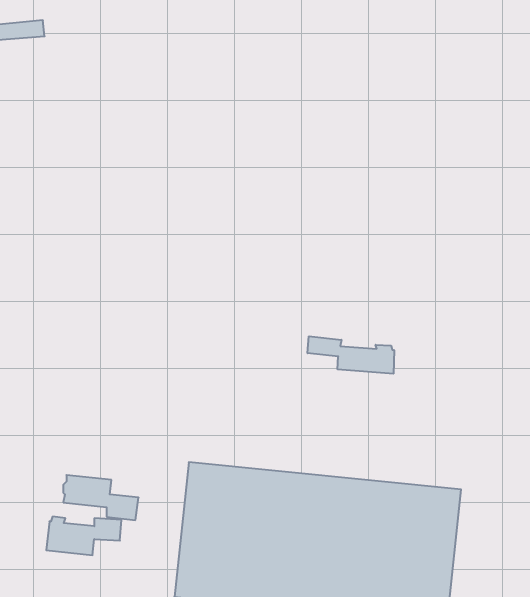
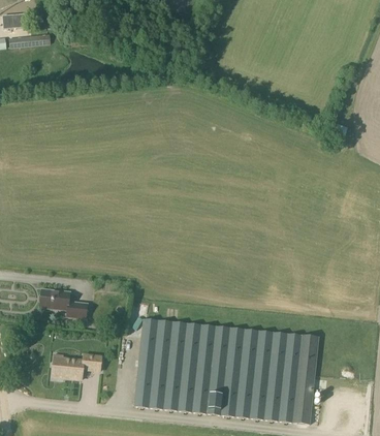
building: [308,336,394,374] -> none
building: [63,475,139,520] -> [39,289,88,318]

